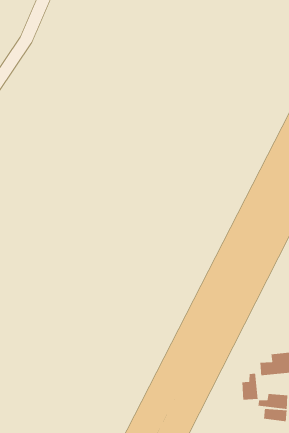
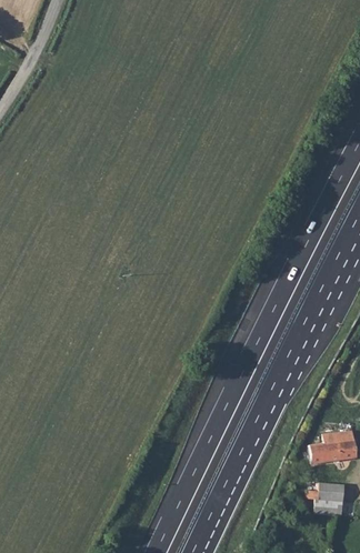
building: [241,373,258,400] -> none

